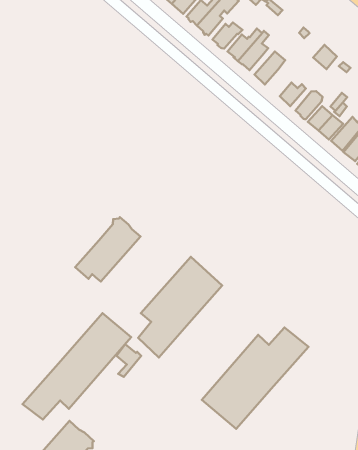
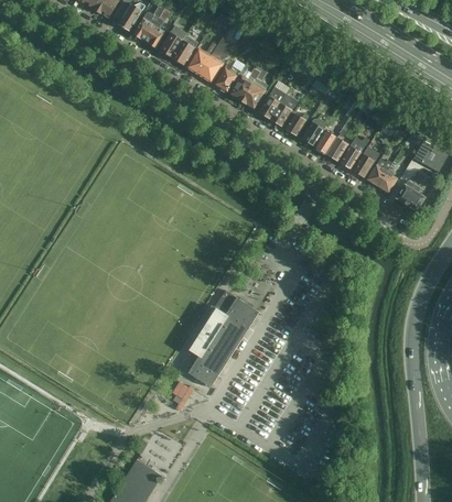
building: none -> [270,94,297,128]
building: [75,217,141,282] -> none
building: [23,313,131,420] -> none
building: [202,328,308,429] -> none

